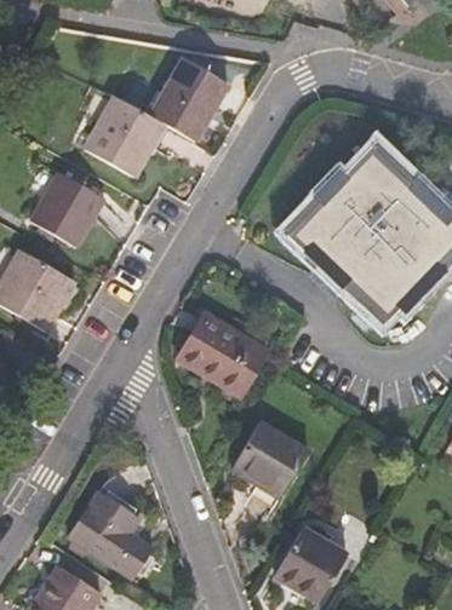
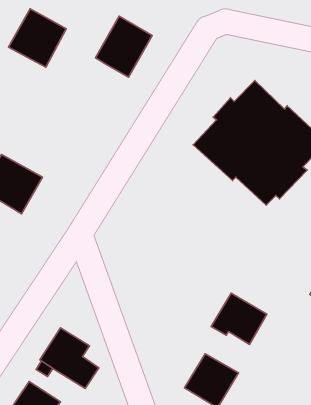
building: [84,96,164,177] -> [8,9,66,67]
building: [30,171,104,247] -> none
building: [177,313,267,395] -> none
building: [230,421,308,493] -> [211,293,267,345]

